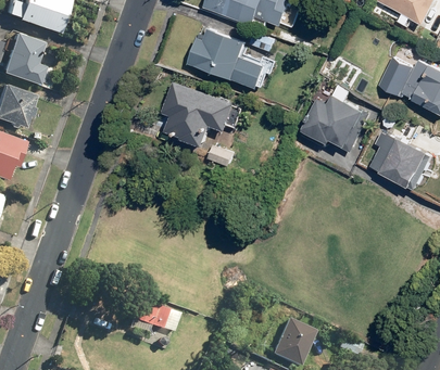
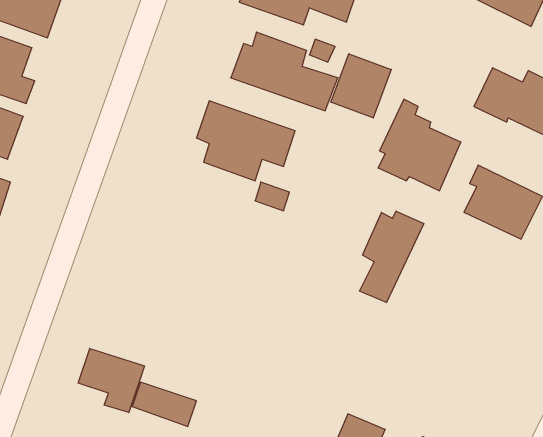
building: none -> [331,54,391,118]
building: none -> [359,211,424,303]
building: none -> [78,348,145,413]

